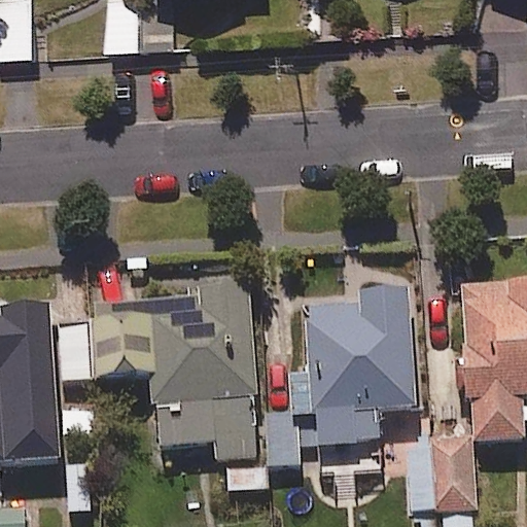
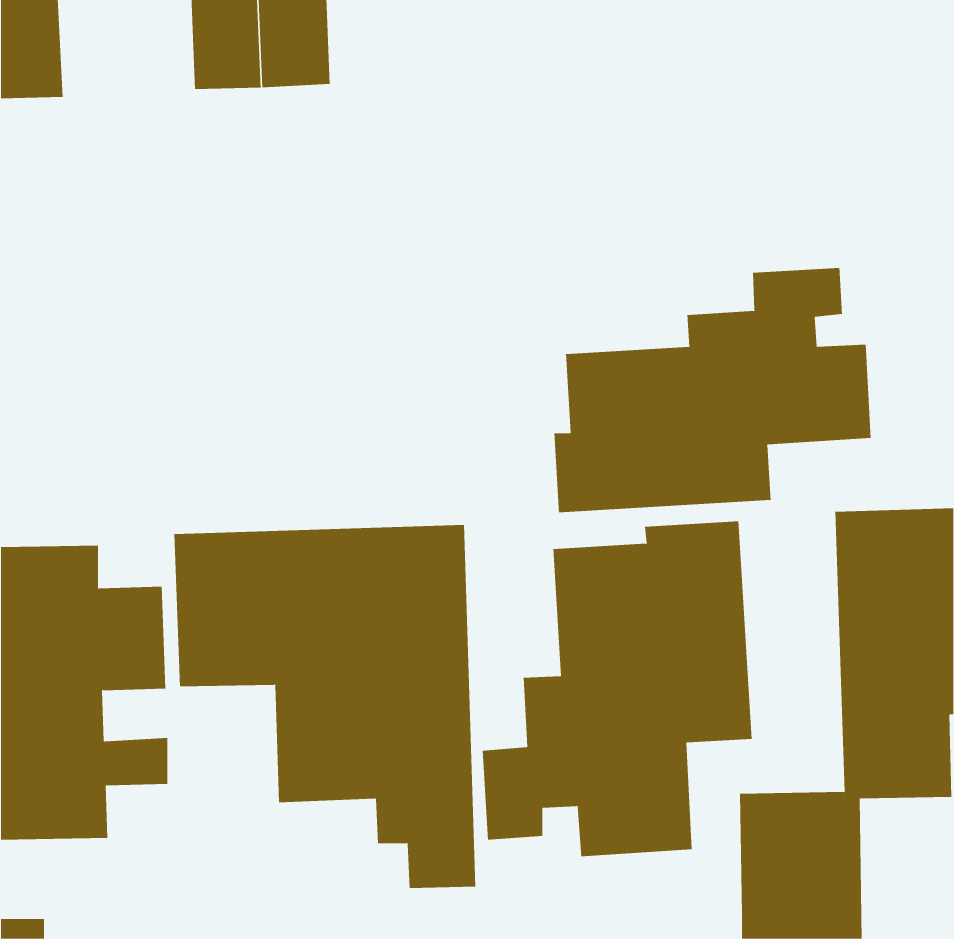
building: none -> [554,267,871,513]

